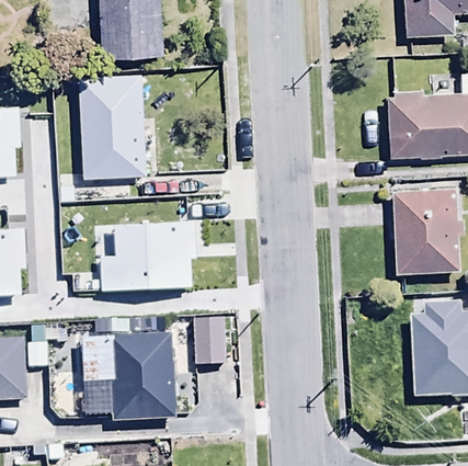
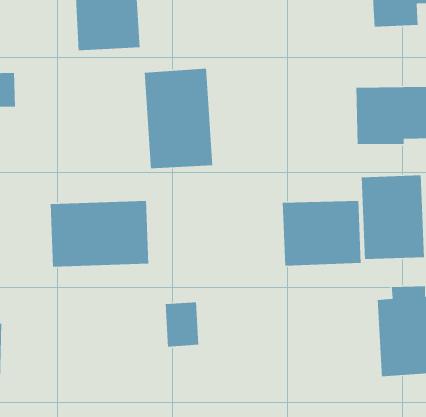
building: [77,73,148,178] -> [144,68,213,169]
building: none -> [282,200,361,267]
building: [81,337,176,421] -> none

